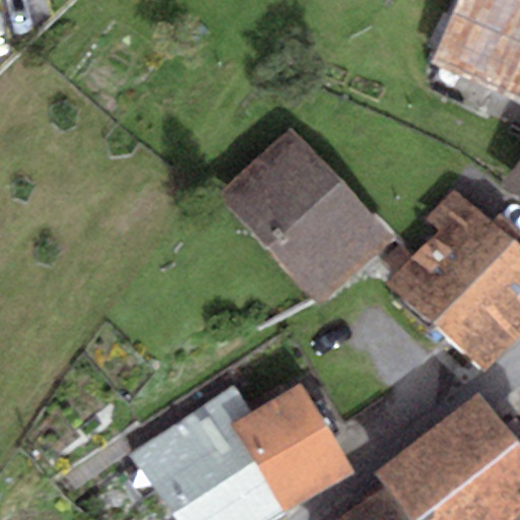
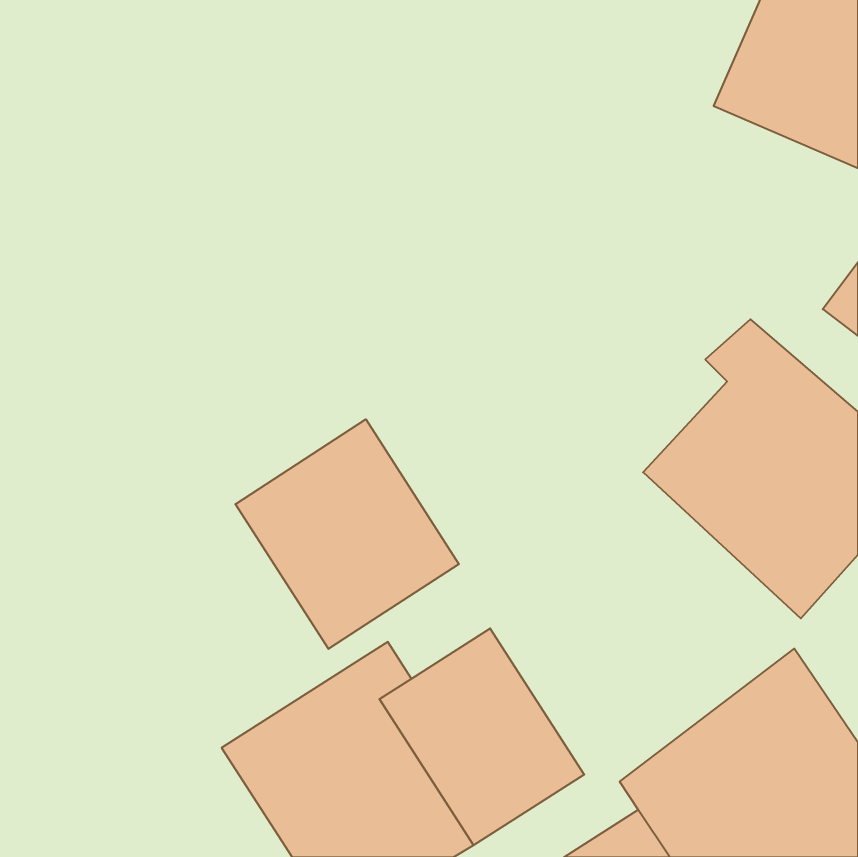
building: [218,126,394,306] -> none
building: none -> [235,419,459,649]

